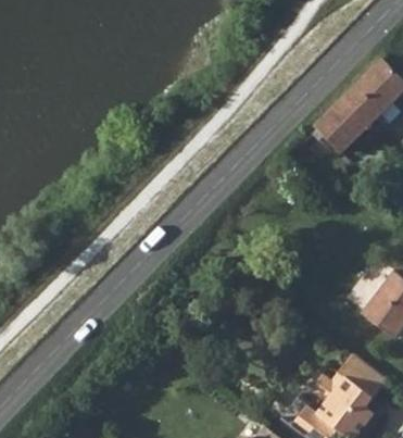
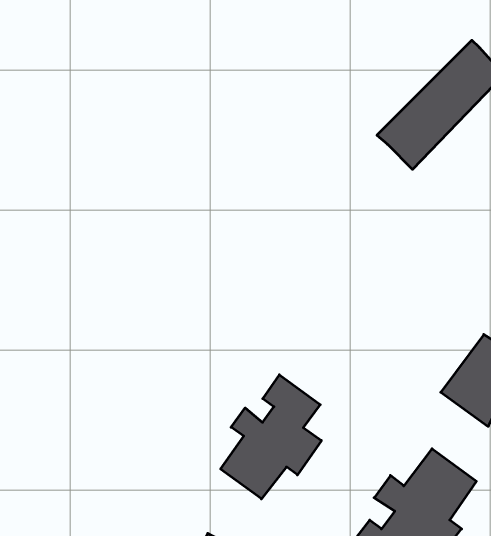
building: none -> [221,375,321,499]

